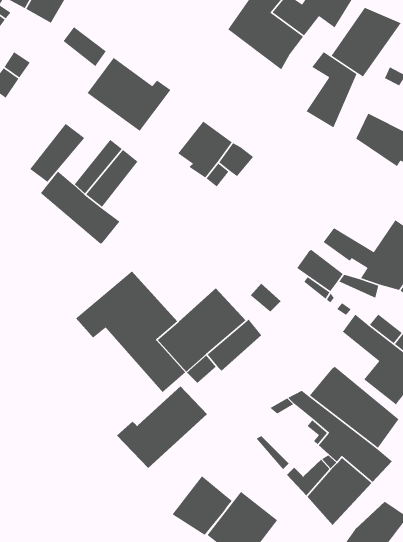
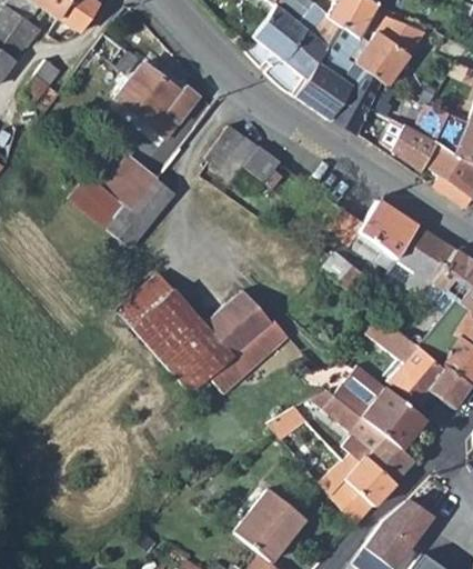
building: none -> [295,26,363,119]
building: [29,123,85,183] -> [132,167,187,226]
building: none -> [329,199,419,254]
building: [116,385,208,469] -> none
building: [171,475,233,536] -> none

